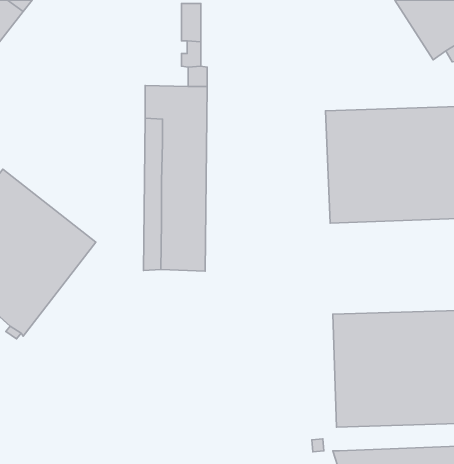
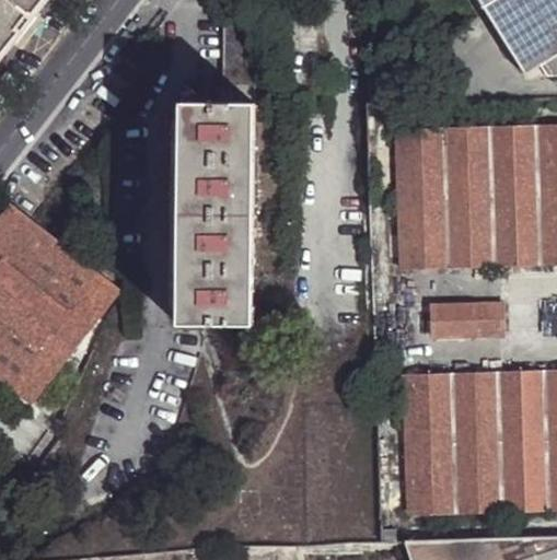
building: none -> [430,303,502,337]

